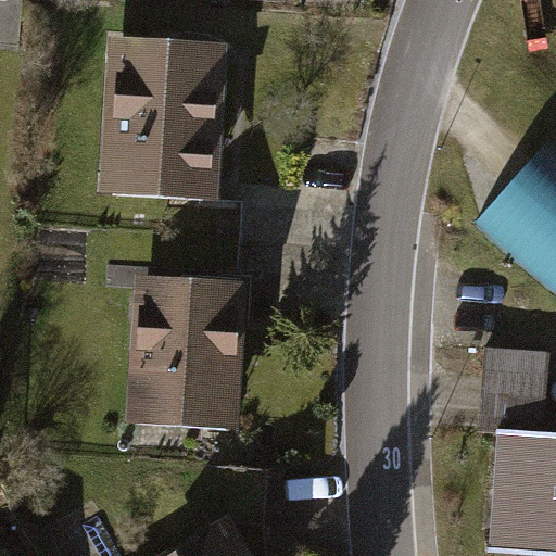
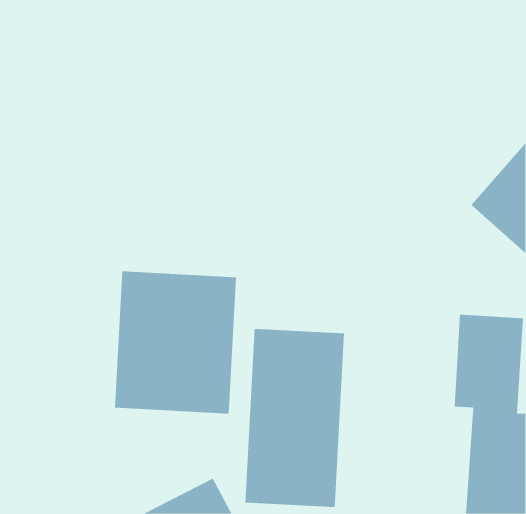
building: [100,36,226,198] -> none
building: none -> [245,328,344,508]

